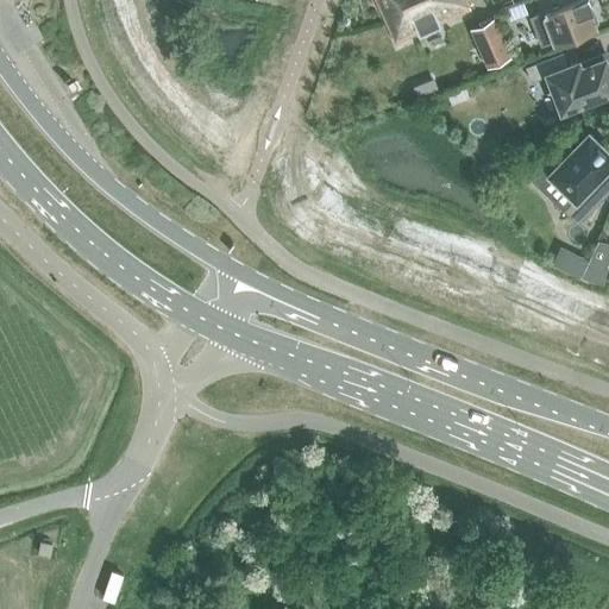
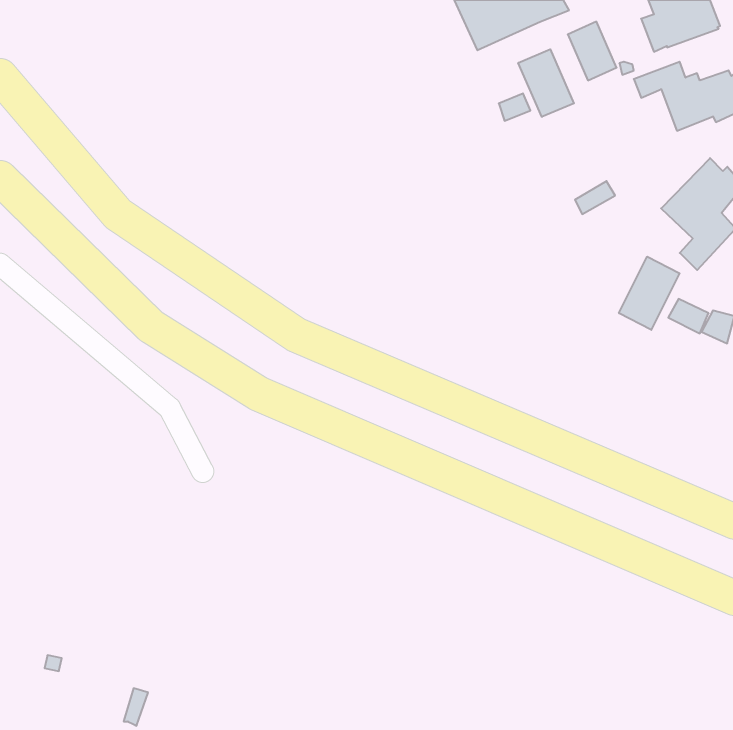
building: none -> [518,49,574,117]
building: none -> [619,257,680,330]

